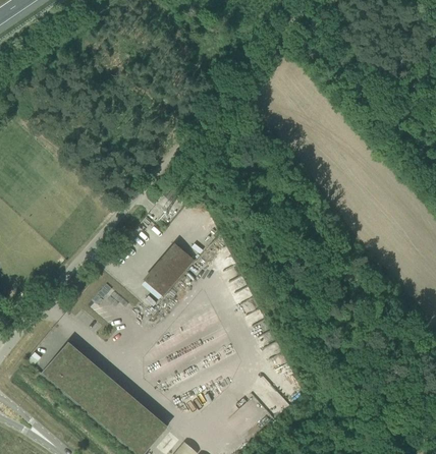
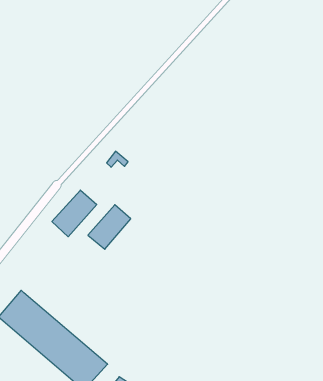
building: none -> [52,190,97,237]

